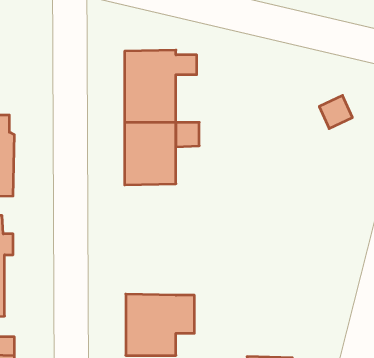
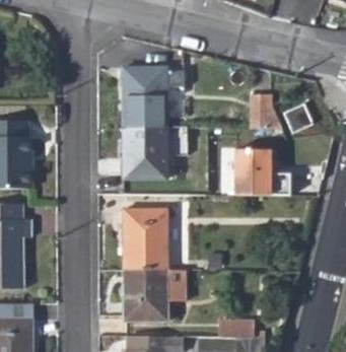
building: none -> [250,93,281,128]
building: none -> [235,149,291,196]
building: none -> [125,209,166,270]

